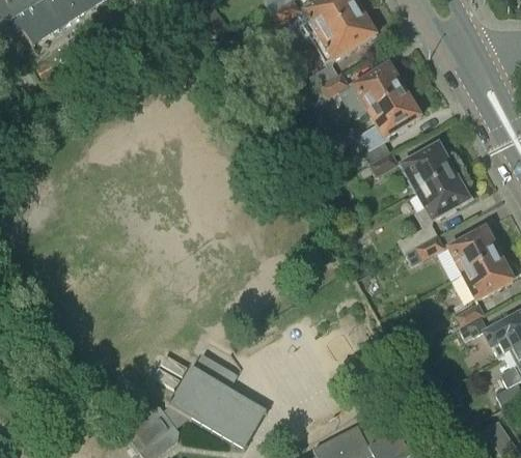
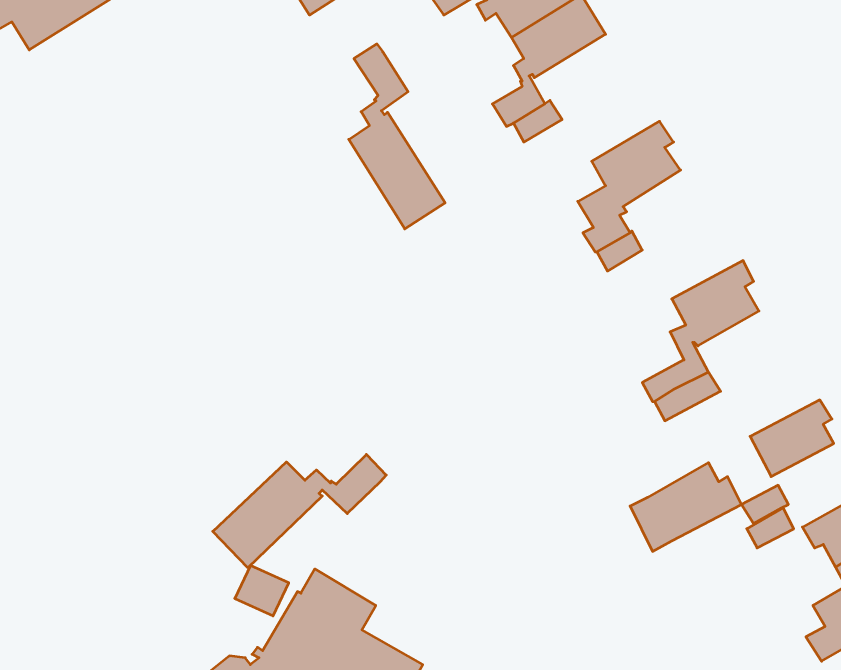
building: none -> [349,44,445,229]
building: [352,64,407,110] -> none
building: [399,145,457,192] -> none
building: [436,227,502,280] -> [630,463,741,551]
building: none -> [213,454,386,568]

